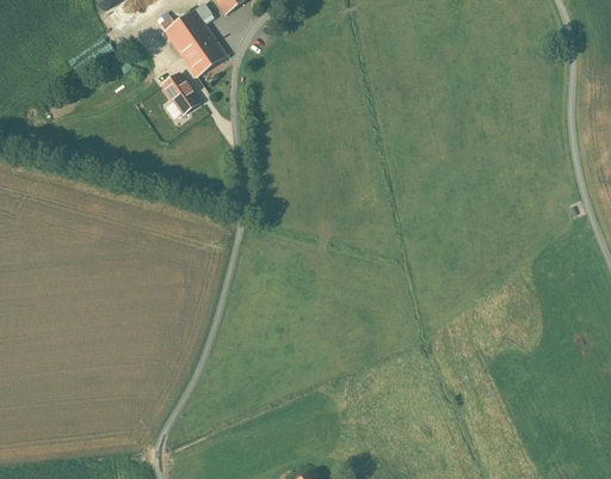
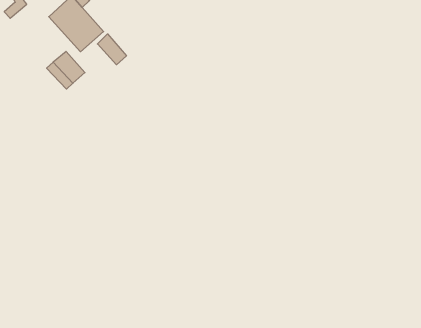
building: none -> [97,34,126,65]

